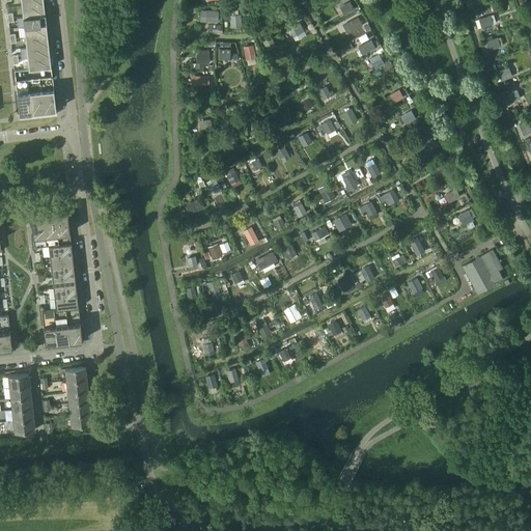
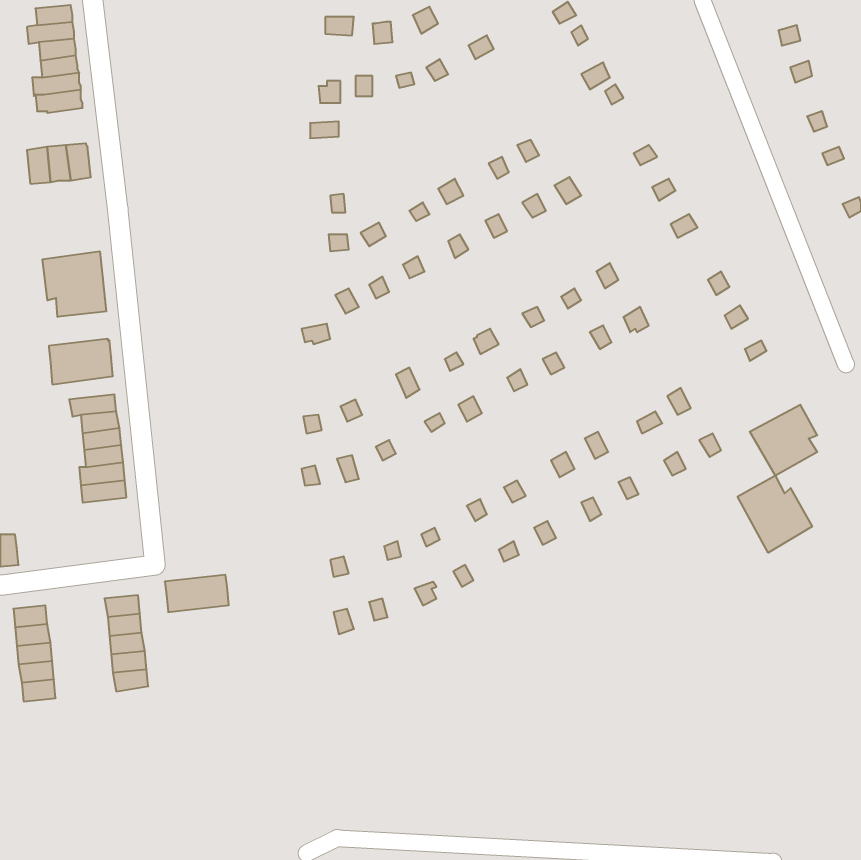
building: none -> [43,251,106,317]
building: none -> [738,475,812,553]
building: [43,322,82,344] -> [165,575,229,612]

